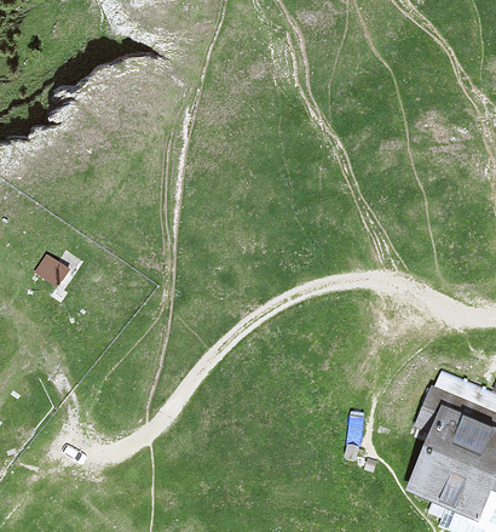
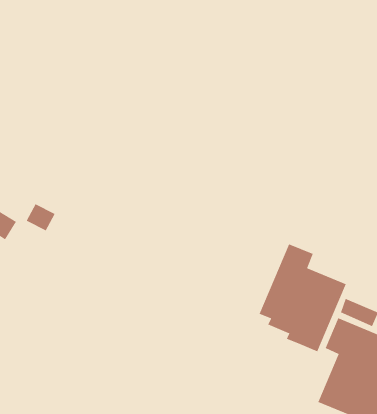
building: none -> [259,243,347,352]

